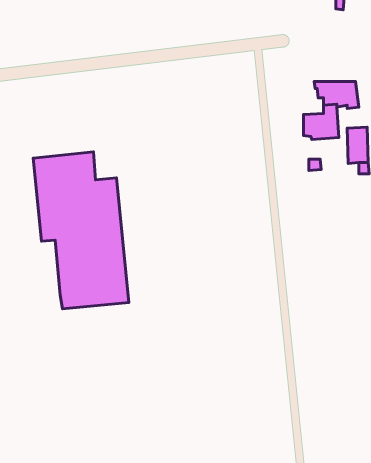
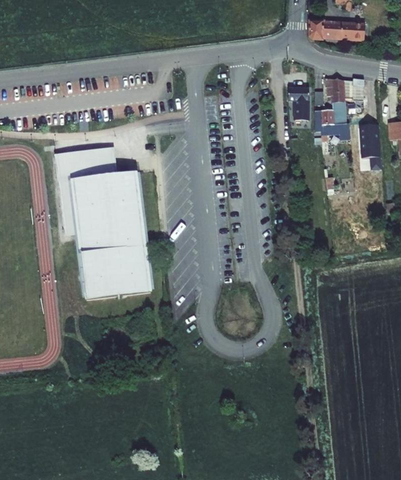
building: none -> [312,17,368,39]
building: none -> [291,88,311,122]

